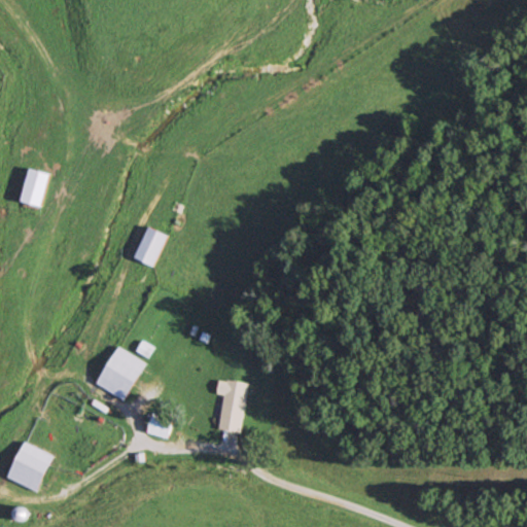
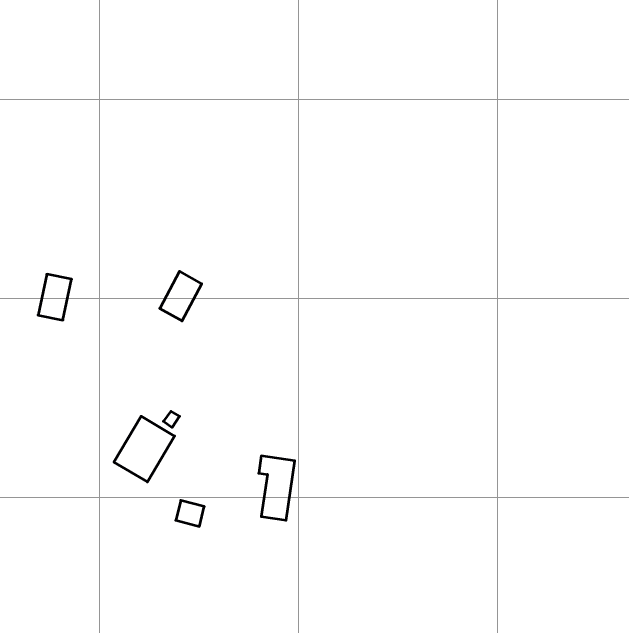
building: [21,168,48,206] -> [38,274,72,320]
building: [5,442,52,492] -> none

